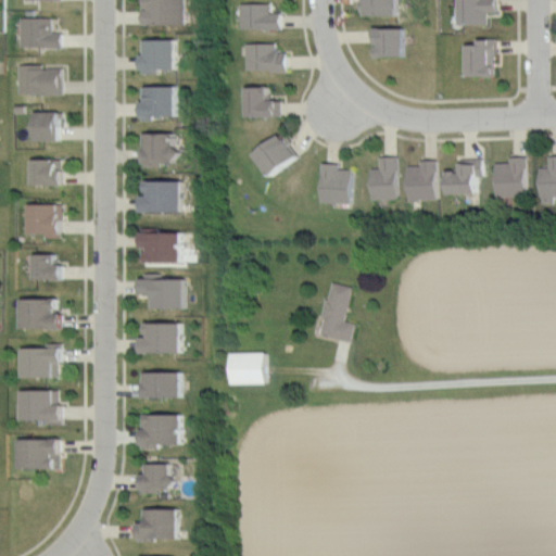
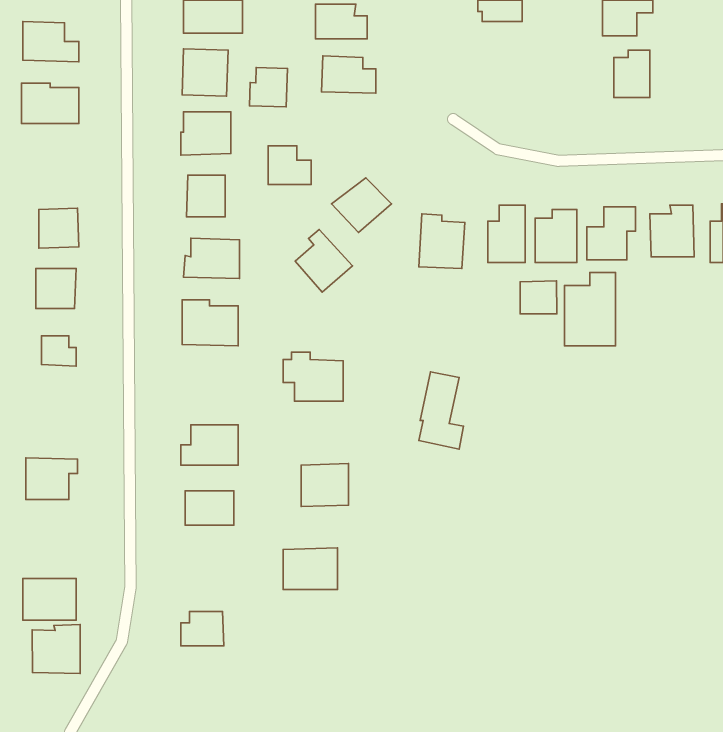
building: [371,28,402,60] -> none
building: none -> [249,67,287,107]
building: [245,88,278,117] -> [268,146,311,184]
building: [33,112,60,140] -> none
building: none -> [295,229,353,292]
building: none -> [565,273,615,346]
building: none -> [520,281,557,314]
building: [137,273,182,309] -> [283,352,343,401]
building: [18,299,60,328] -> none
building: [21,390,60,421] -> none
building: [138,414,179,445] -> [283,548,338,590]
building: none -> [32,625,80,673]
building: [134,508,176,541] -> none

